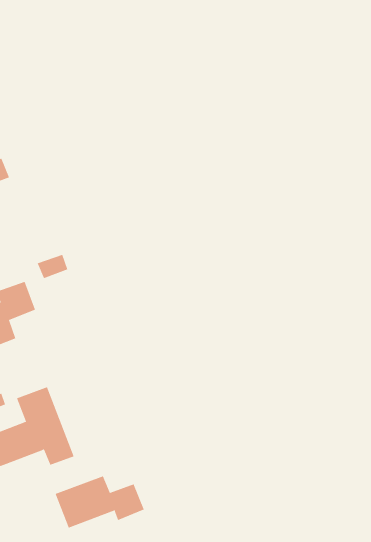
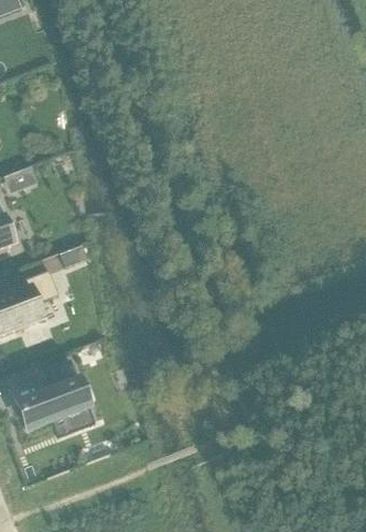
building: [55,475,144,529] -> none

